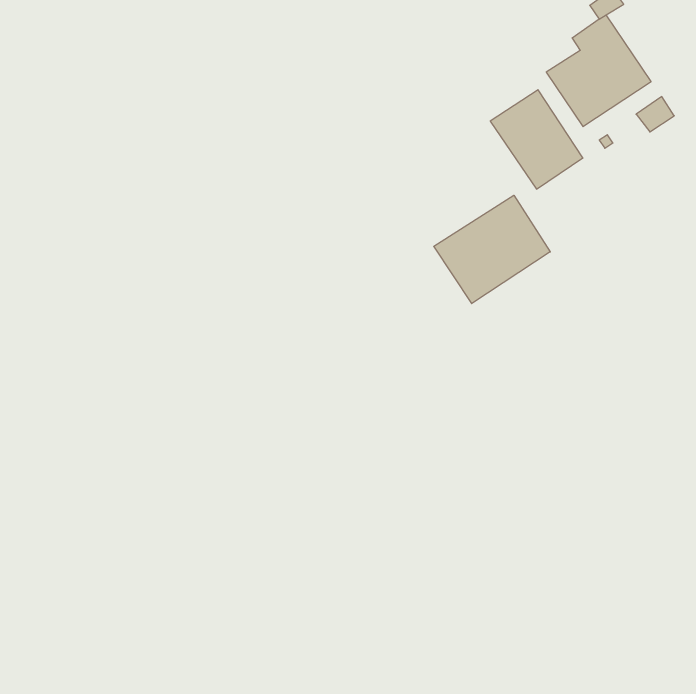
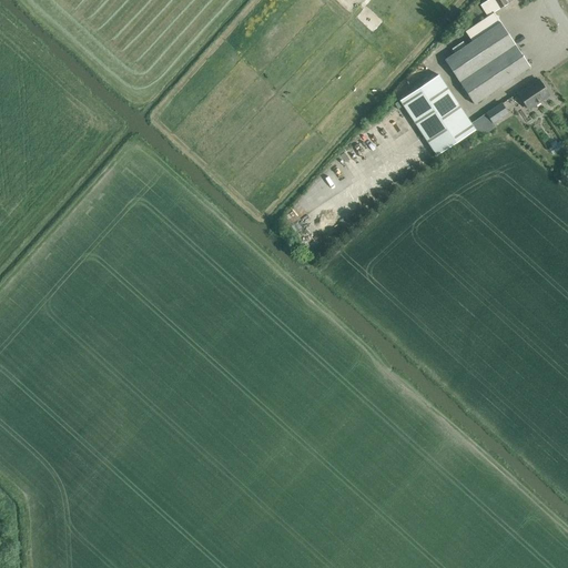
building: [434,195,550,304] -> none

